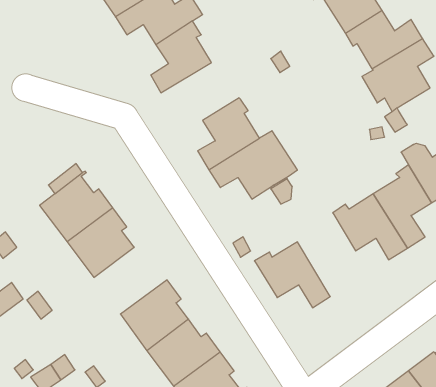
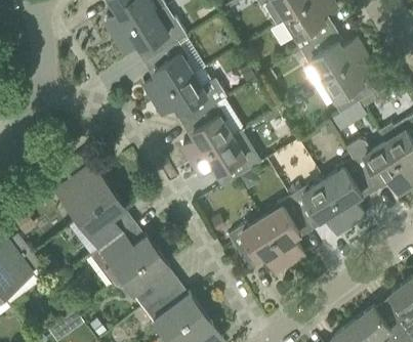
building: none -> [153,68,228,121]
building: none -> [262,196,309,263]
building: none -> [89,223,157,283]

